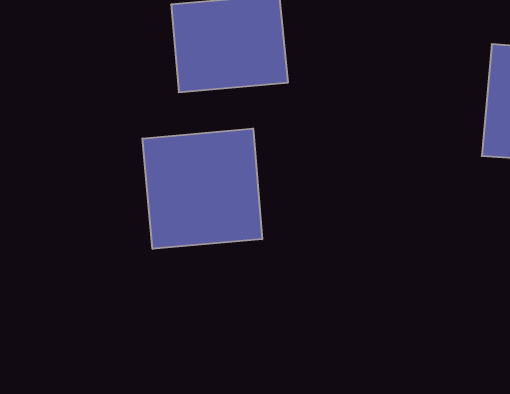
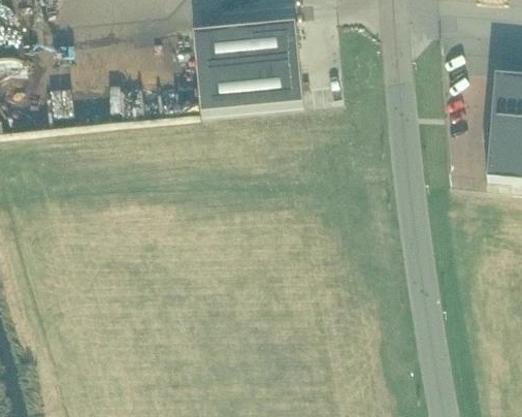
building: [142,128,262,249] -> none

